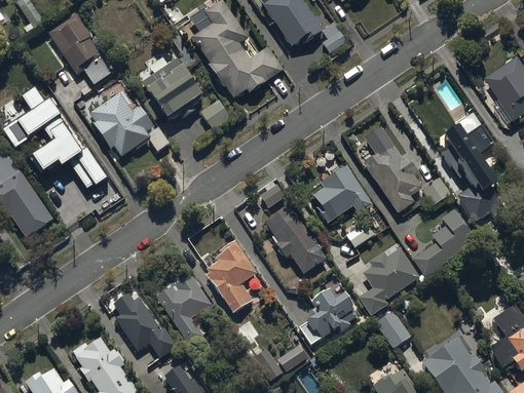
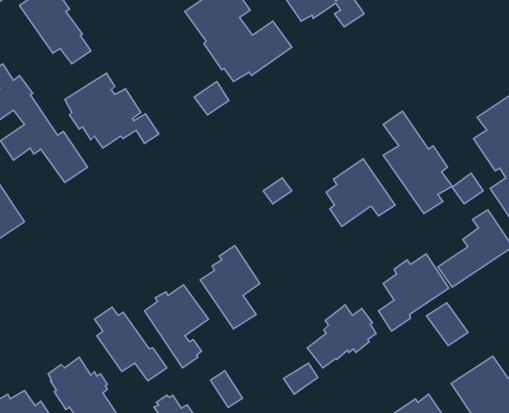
building: [141,58,202,121] -> none
building: [266,207,327,275] -> none
building: [374,309,410,346] -> [427,303,468,345]
building: [254,346,282,378] -> [210,371,243,408]

